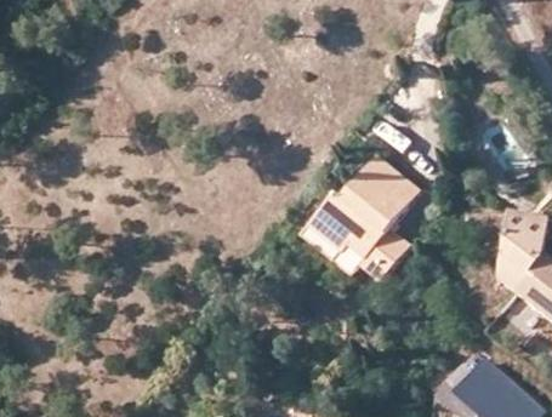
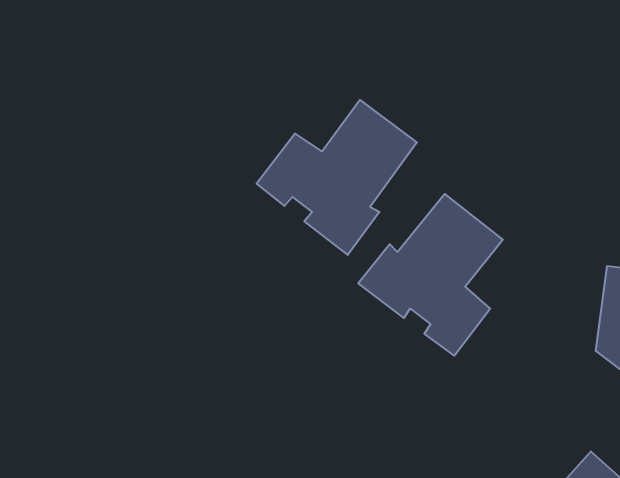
building: none -> [257,100,417,255]

